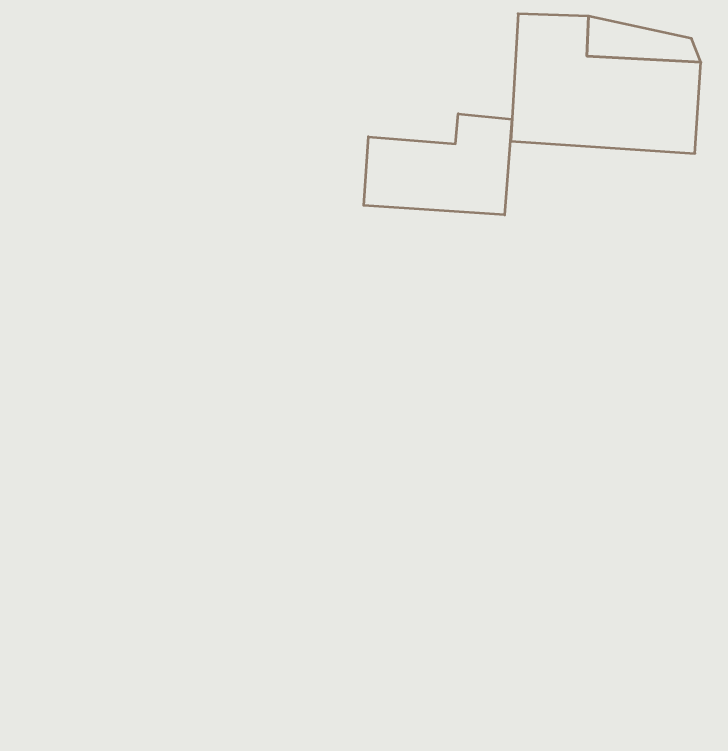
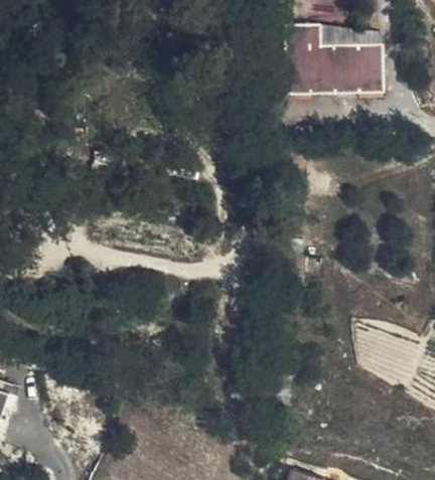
building: [364,114,512,215] -> none

